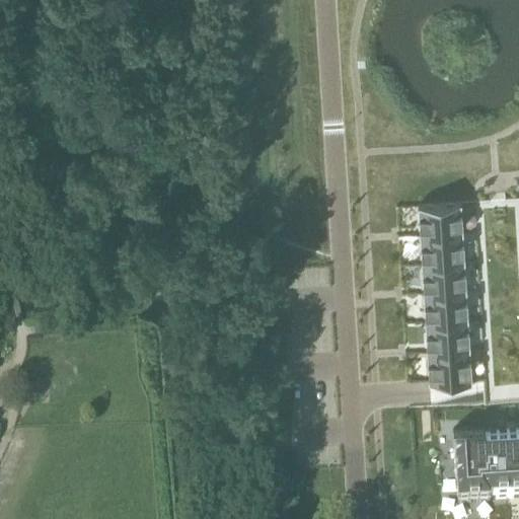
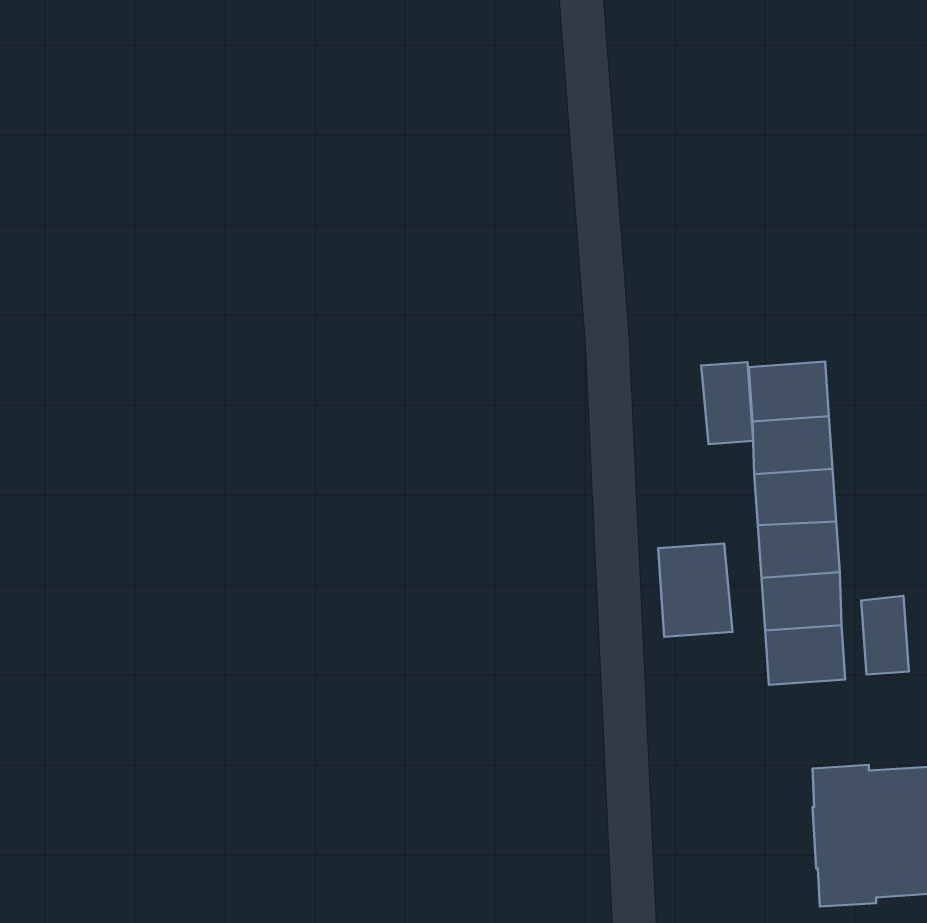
building: none -> [701,362,753,444]
building: none -> [658,544,733,637]
building: none -> [861,596,909,674]

